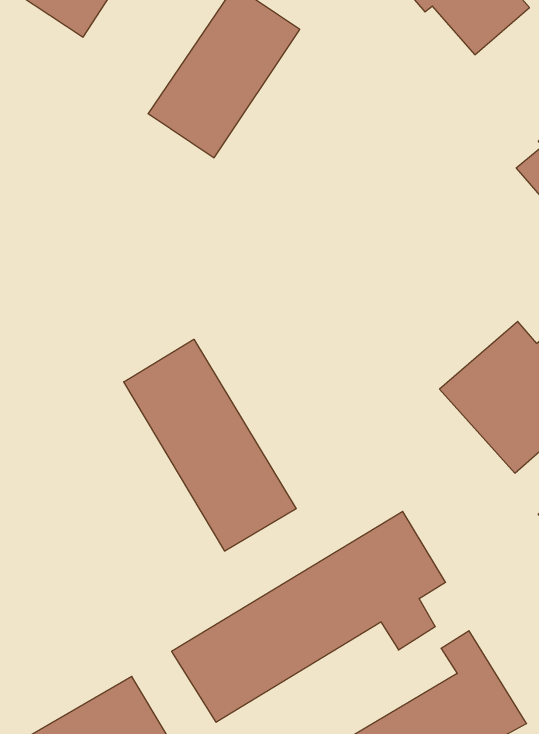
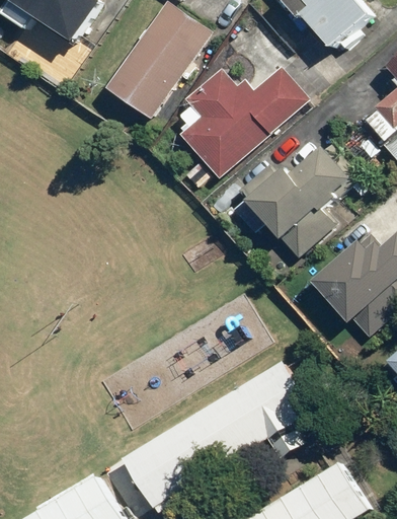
building: none -> [181,68,310,179]
building: none -> [241,143,360,257]
building: [124,339,296,551] -> none

